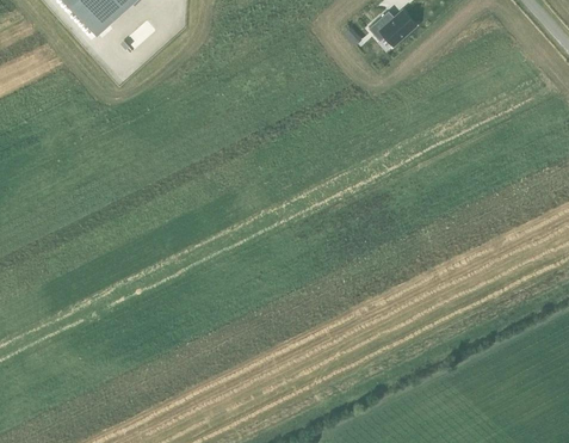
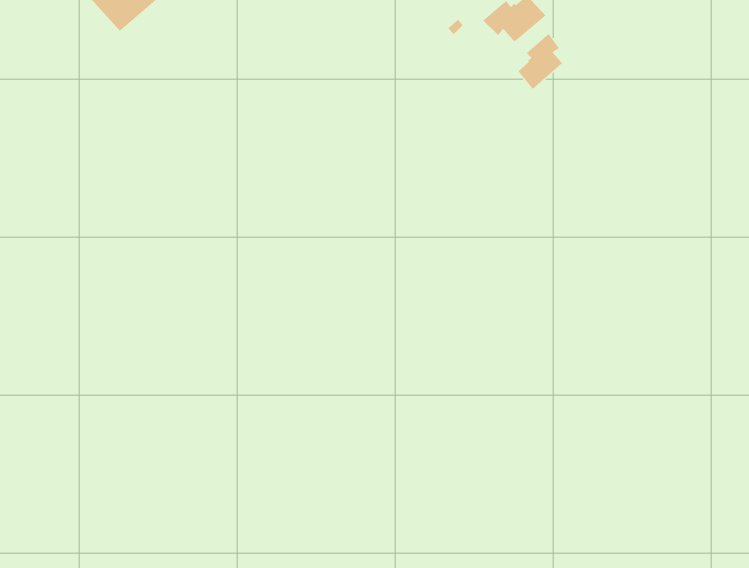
building: none -> [518,33,563,90]

